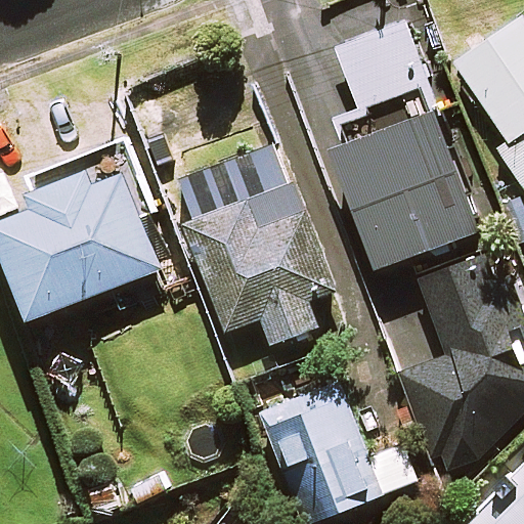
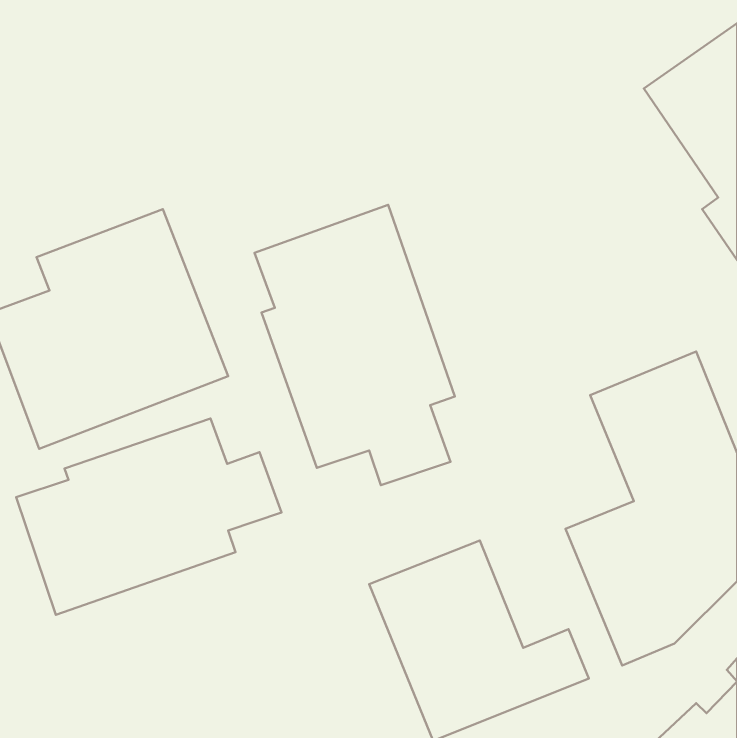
building: [334,24,424,112] -> none
building: [331,113,478,269] -> none
building: none -> [16,419,281,615]

